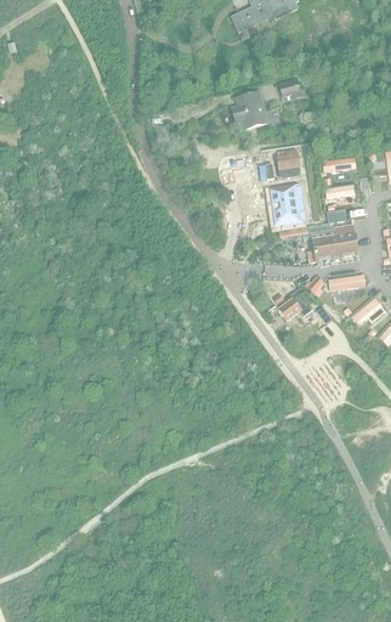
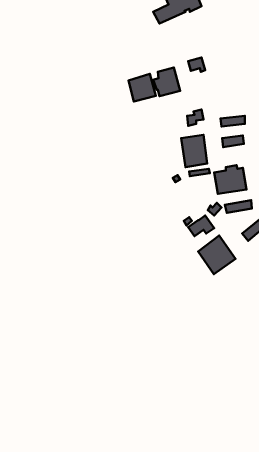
building: none -> [128,74,156,102]
building: none -> [198,235,236,274]

